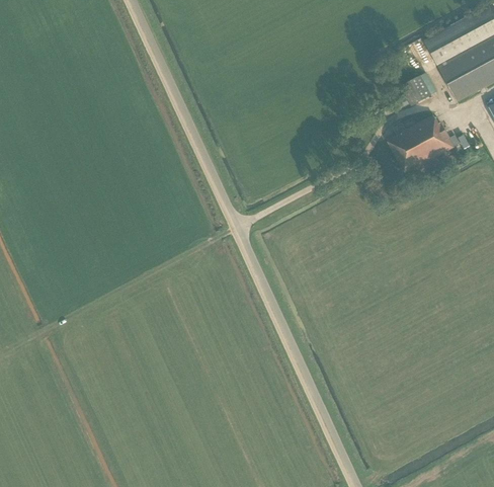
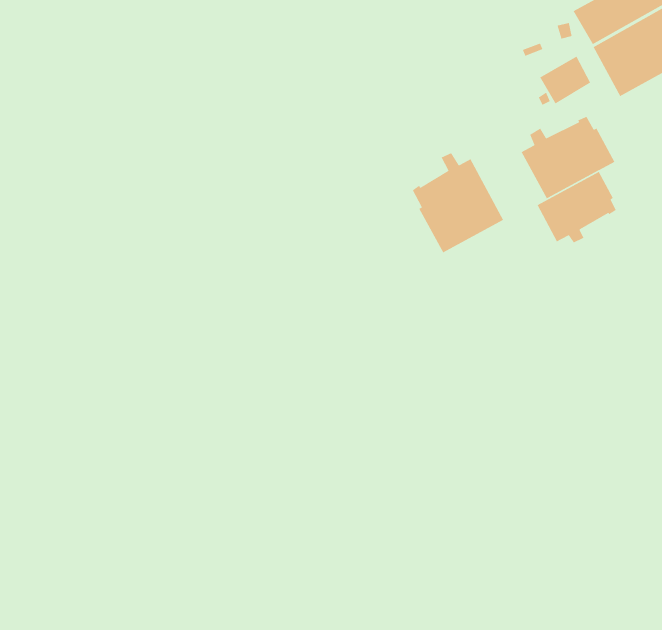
building: none -> [412,152,504,254]
building: none -> [536,171,617,243]

